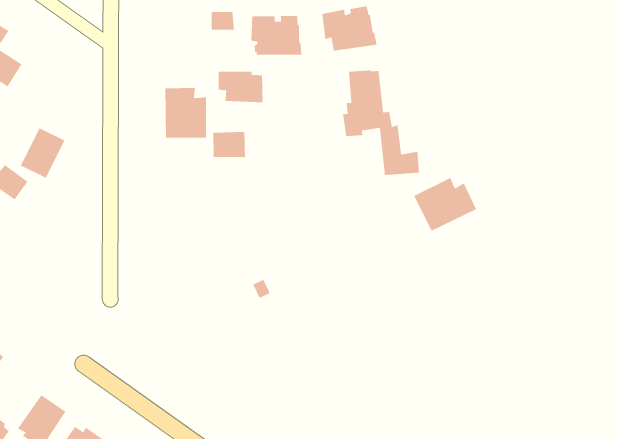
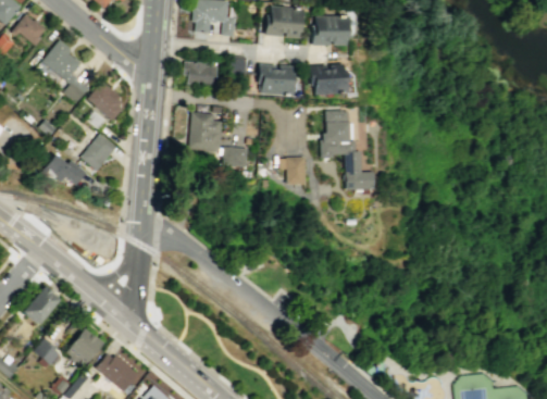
building: none -> [87,82,123,121]
building: [218,71,264,103] -> [183,61,216,87]
building: none -> [279,157,307,185]
building: [413,177,477,232] -> none

